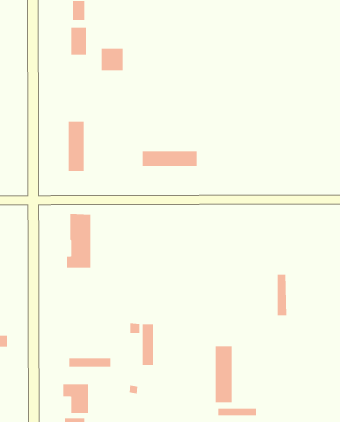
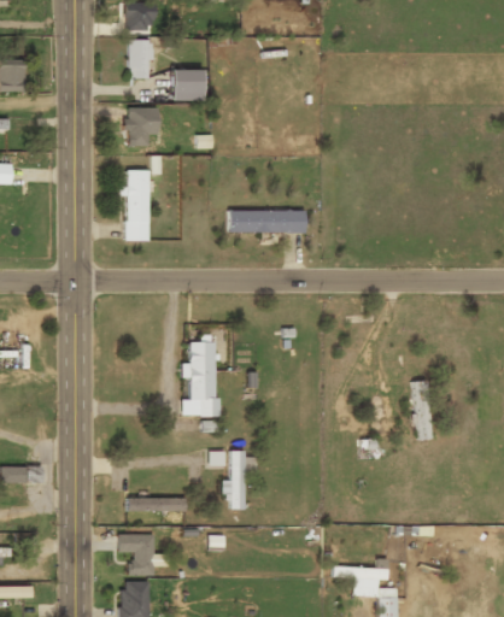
building: none -> [125,108,157,146]
building: [66,214,91,268] -> [182,341,217,417]
building: [215,345,232,403] -> none

